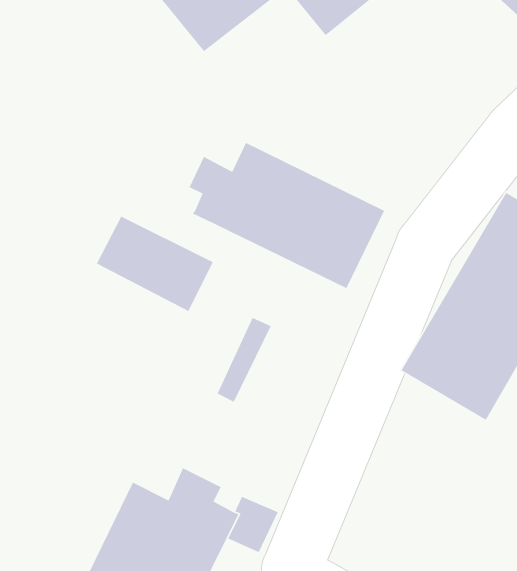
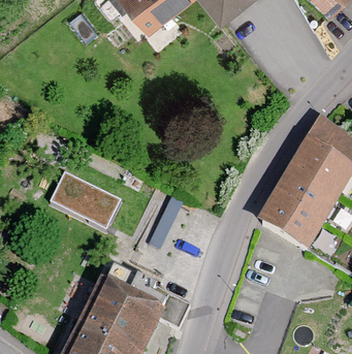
building: [188,142,385,289] -> none
building: [96,215,214,312] -> [52,168,120,224]

